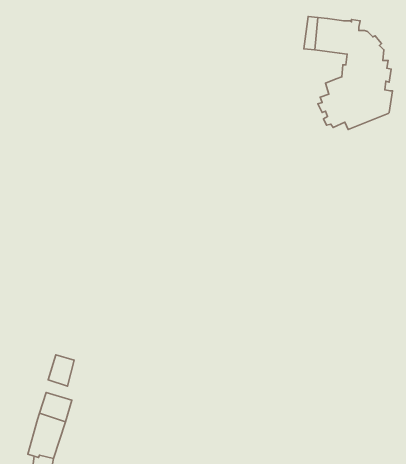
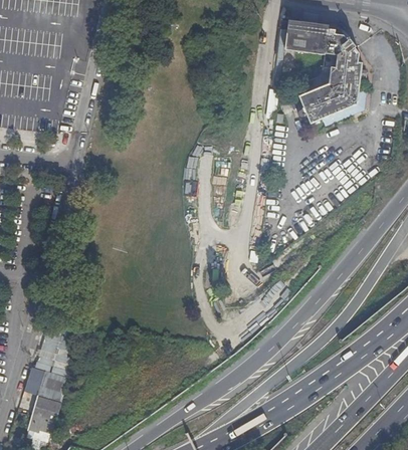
building: none -> [23,366,44,395]

